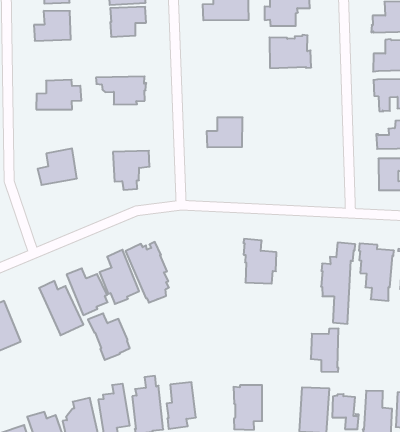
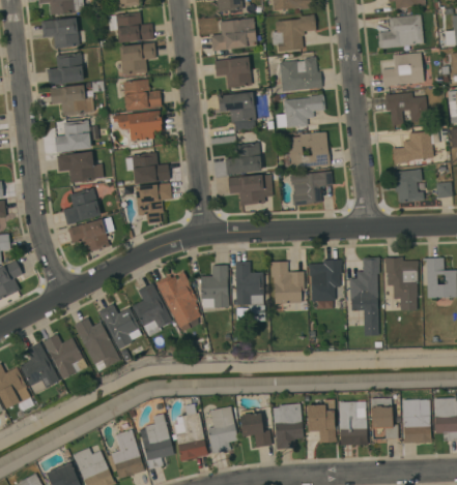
building: none -> [215,57,252,88]
building: none -> [50,85,94,116]
building: none -> [120,80,162,111]
building: none -> [218,92,256,123]
building: none -> [278,94,325,128]
building: none -> [289,132,331,169]
building: none -> [57,152,95,183]
building: none -> [125,153,170,184]
building: none -> [228,175,273,206]
building: none -> [291,171,333,206]
building: none -> [68,217,114,253]
building: none -> [235,262,265,323]
building: none -> [201,265,229,308]
building: none -> [308,260,342,302]
building: [88,313,130,360] -> [42,334,86,380]
building: [311,329,339,372] -> [308,399,337,443]
building: none -> [240,410,272,448]

